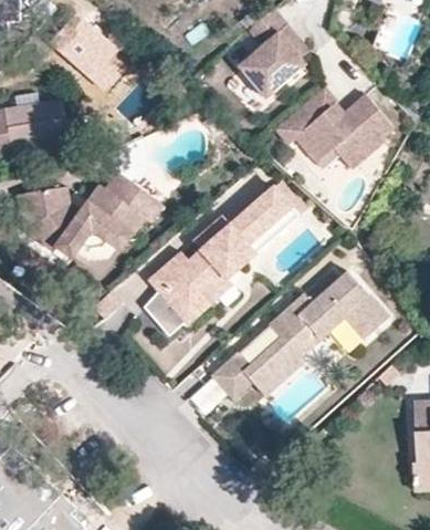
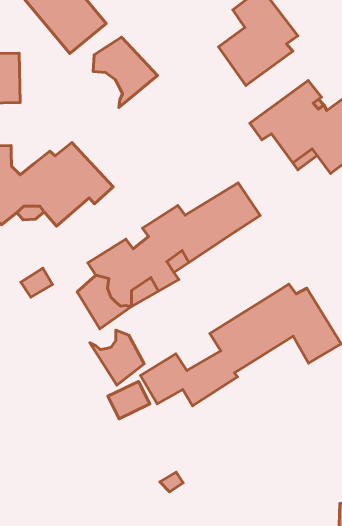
building: none -> [93,37,157,107]
building: none -> [90,330,144,385]

